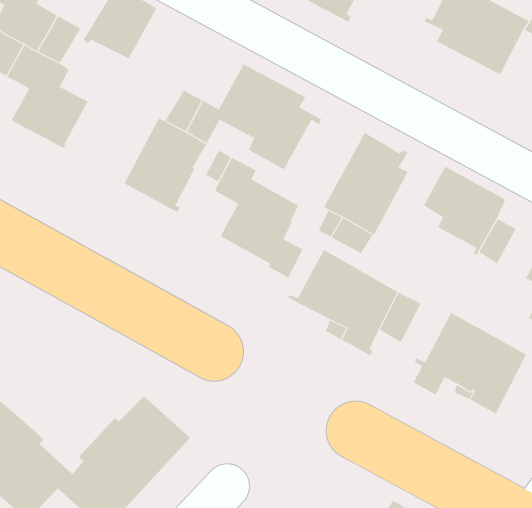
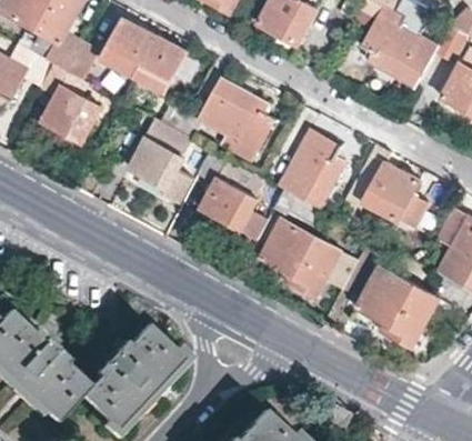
building: none -> [134,34,185,92]

